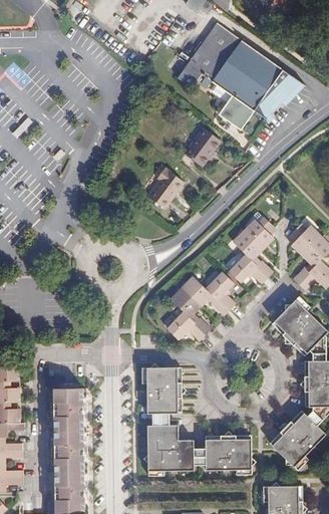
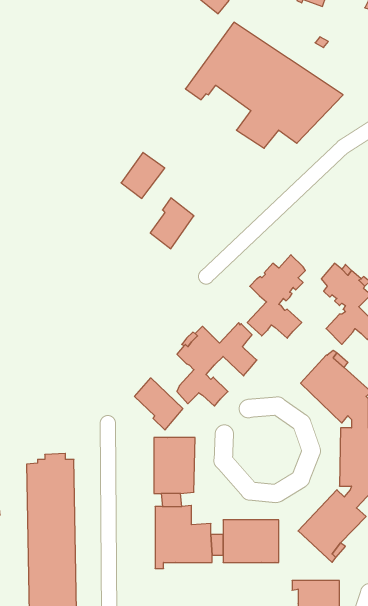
building: [184,130,220,168] -> [121,152,165,198]
building: none -> [135,378,183,430]

